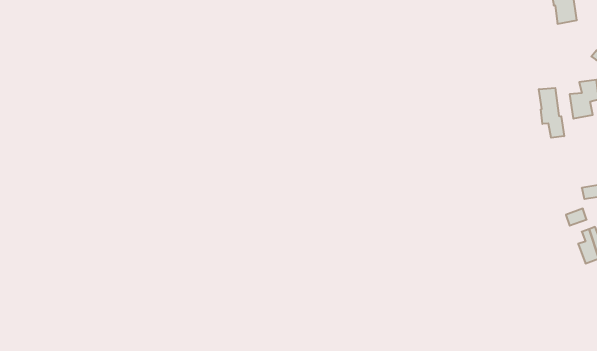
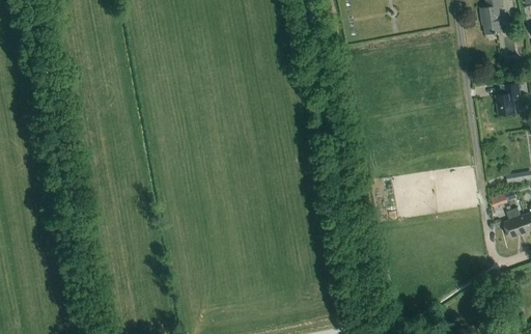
building: [539,88,564,138] -> none

